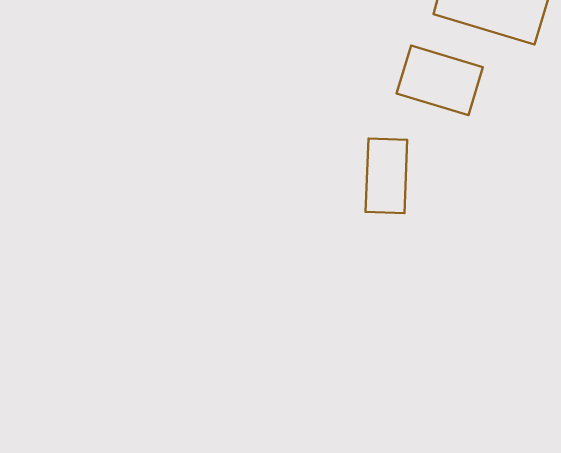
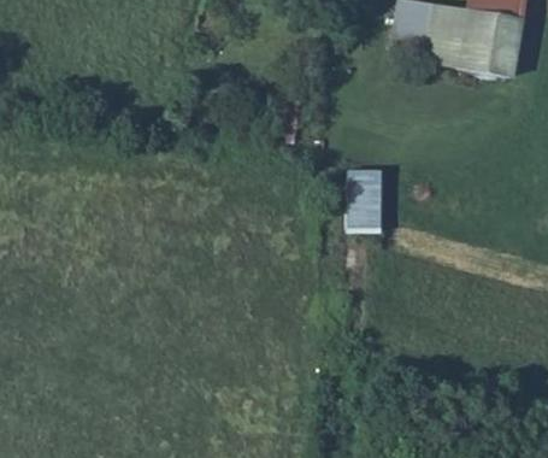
building: [397,46,483,115] -> none

